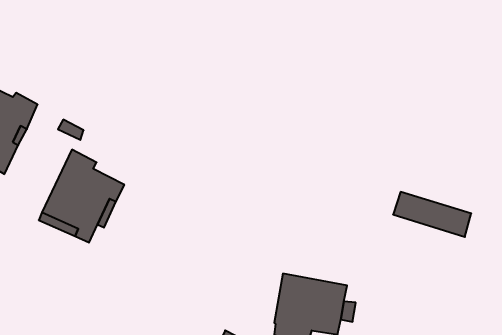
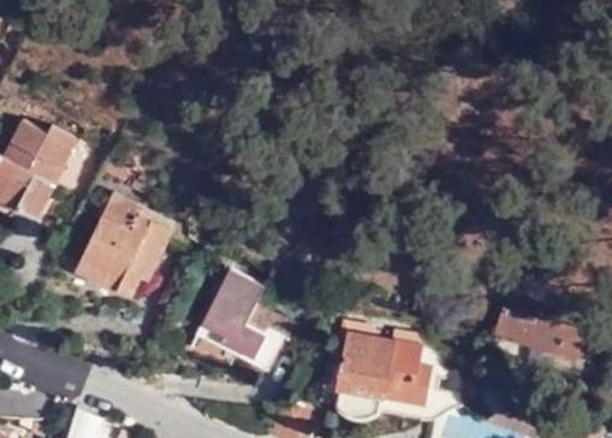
building: [393,192,471,237] -> [493,310,581,361]
building: none -> [197,271,295,371]

